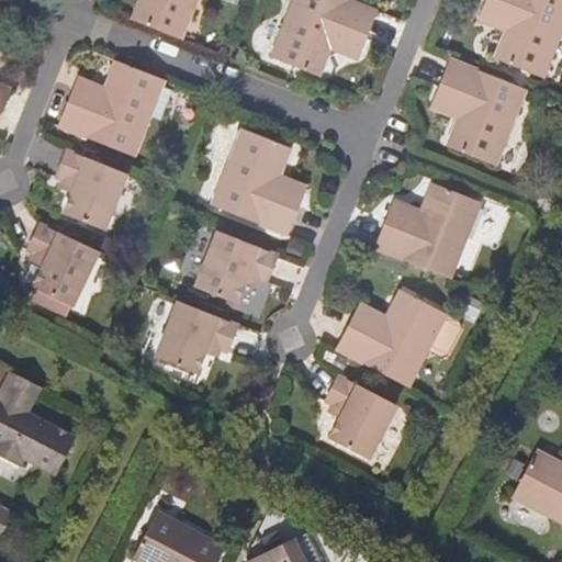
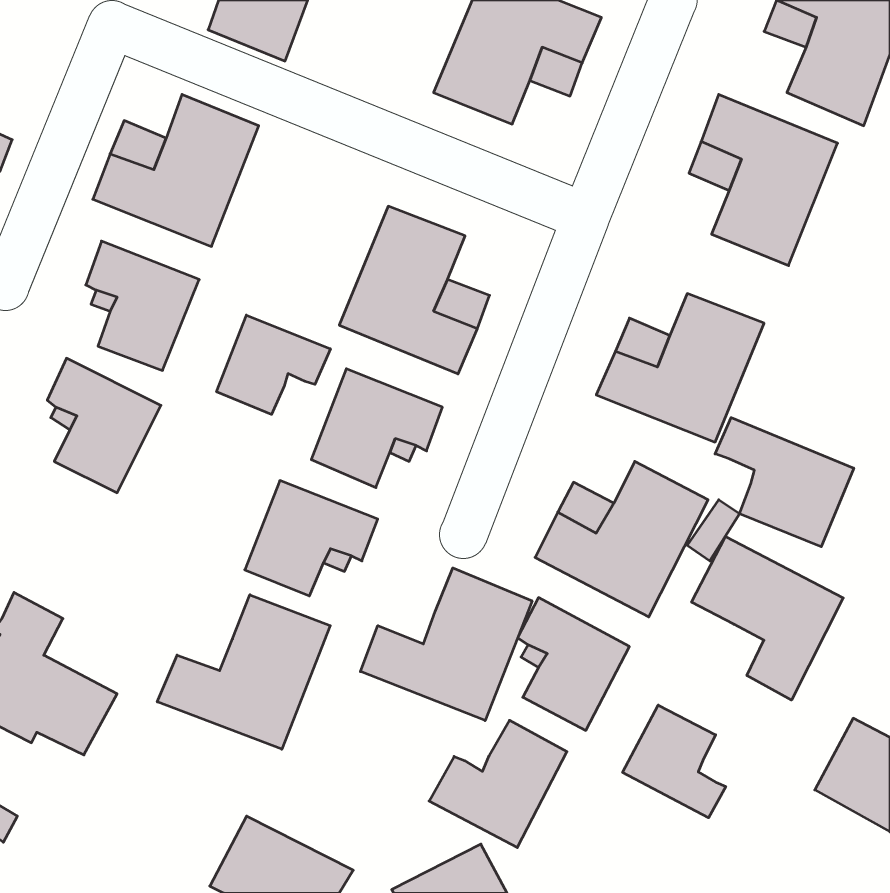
building: none -> [217,315,330,414]
building: none -> [715,418,854,547]
building: none -> [692,536,843,700]
building: none -> [360,568,532,721]
building: none -> [157,595,330,749]
building: none -> [623,705,726,818]
building: none -> [429,720,567,848]

